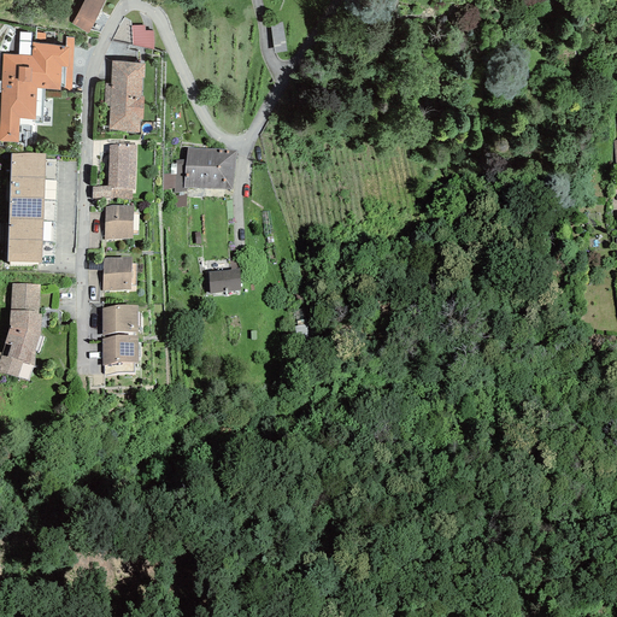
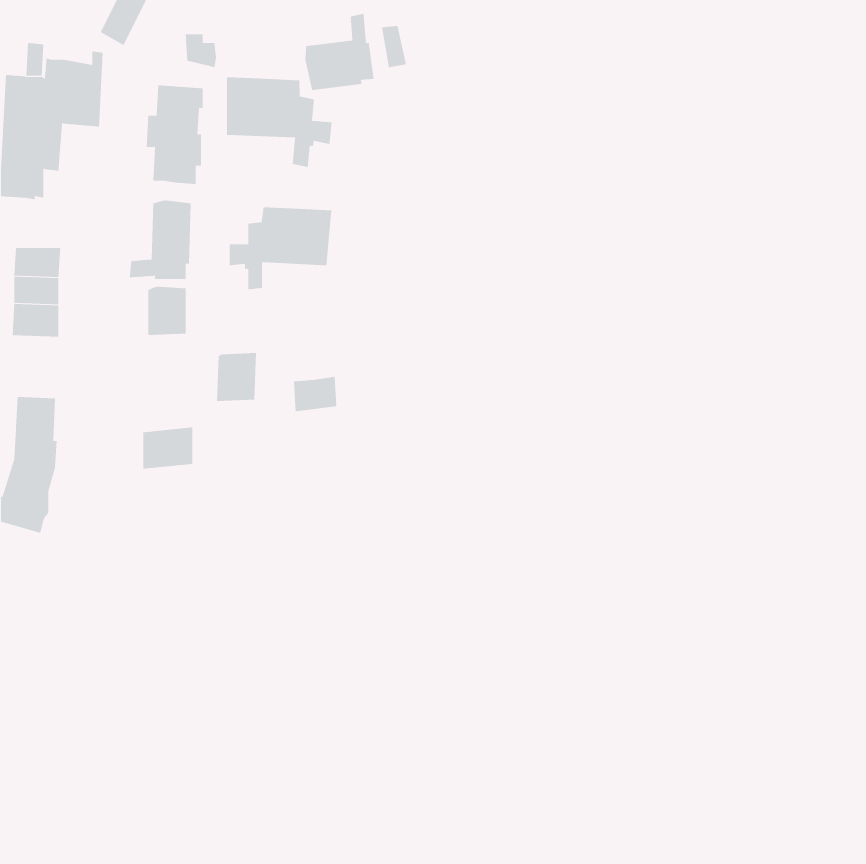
building: none -> [305,13,374,91]
building: none -> [227,77,332,168]
building: [11,152,45,176] -> none
building: [7,239,42,262] -> none
building: [102,255,131,290] -> [216,352,257,402]
building: [101,335,137,365] -> none

